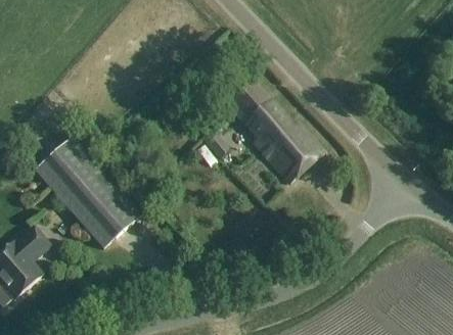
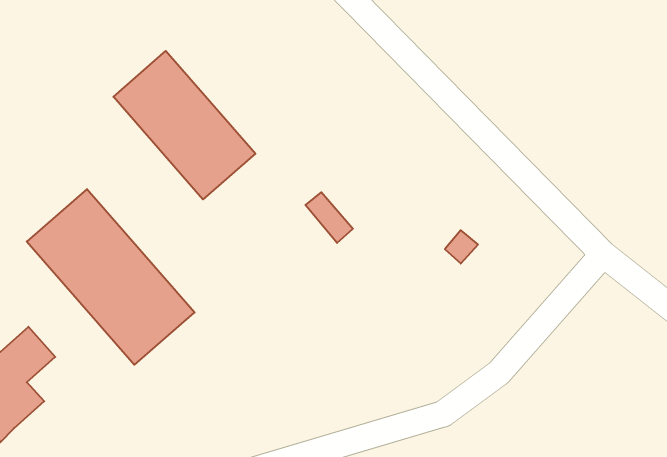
building: none -> [113,51,255,199]
building: [227,80,325,181] -> none

